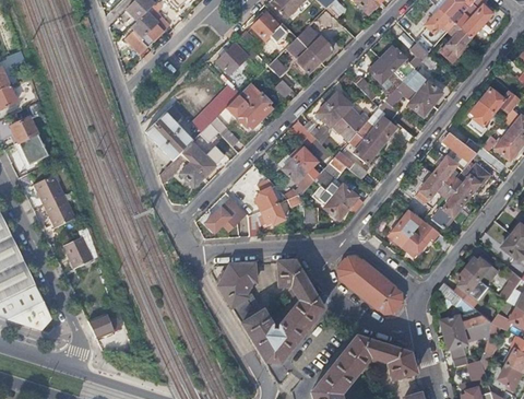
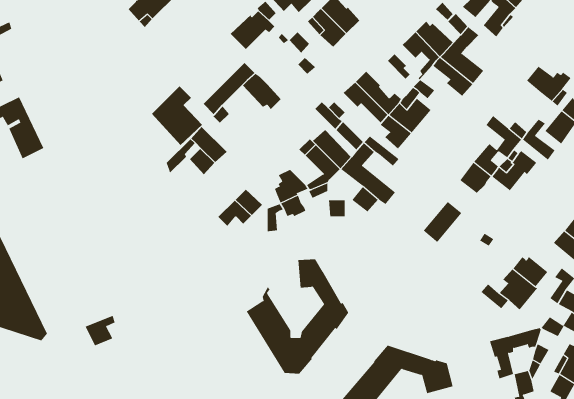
building: [239,82,272,118] -> none
building: [467,102,492,136] -> none
building: [35,174,74,226] -> none
building: [432,187,465,227] -> none
building: [401,220,438,254] -> none
building: [63,238,92,268] -> none
building: [340,257,400,313] -> none
building: [218,262,259,307] -> none
building: [442,309,492,333] -> none

